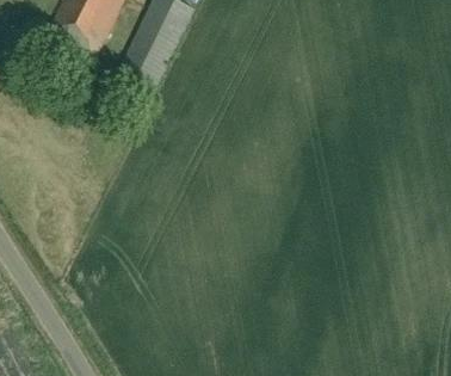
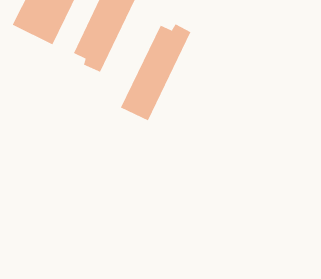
building: none -> [120,23,191,121]

